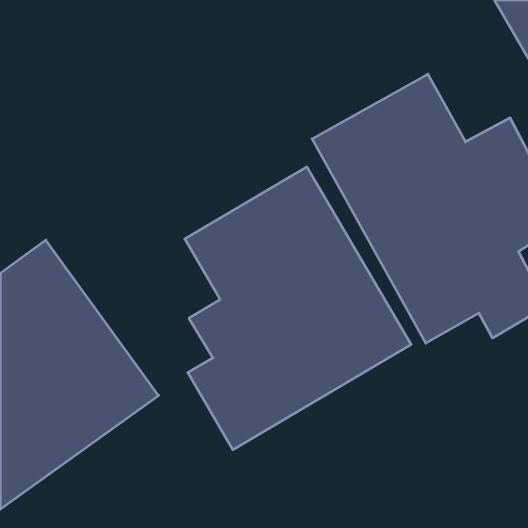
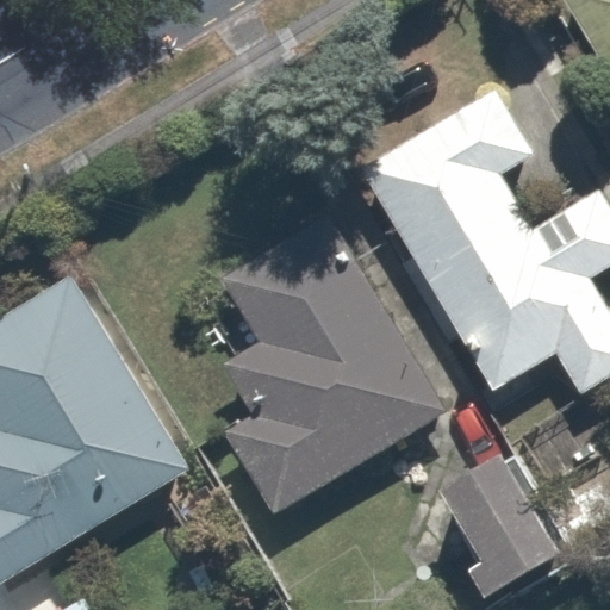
building: none -> [431,459,549,589]

